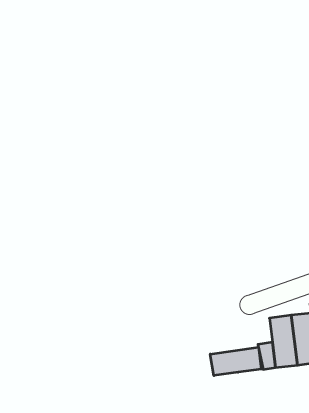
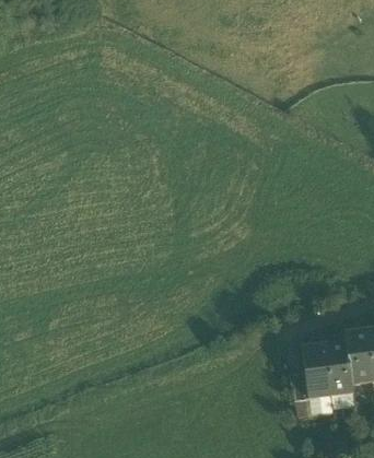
building: [210,347,261,376] -> none

